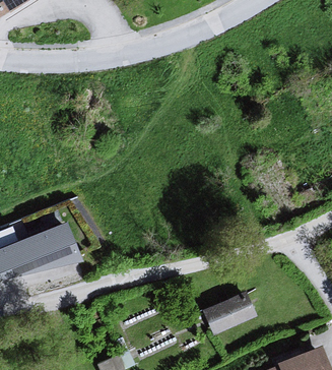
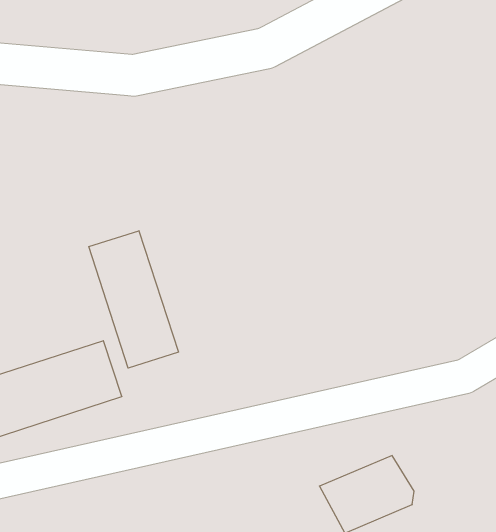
building: none -> [89,231,178,368]

